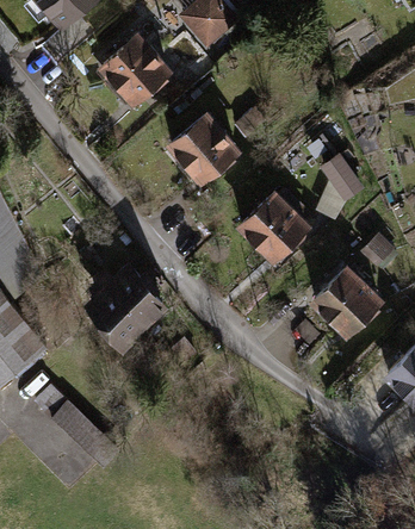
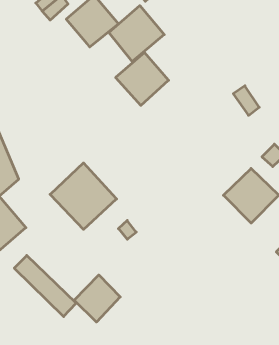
building: none -> [109,6,164,62]
building: [240,188,321,266] -> none
building: none -> [74,275,120,322]

